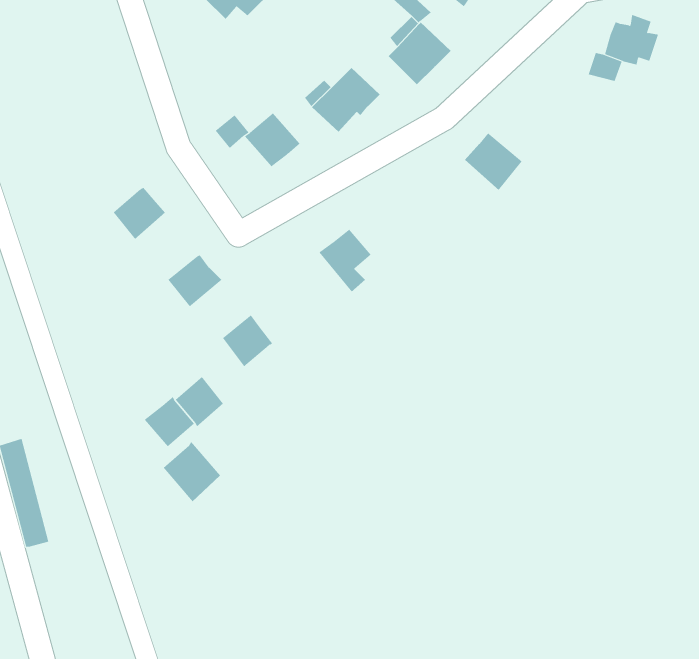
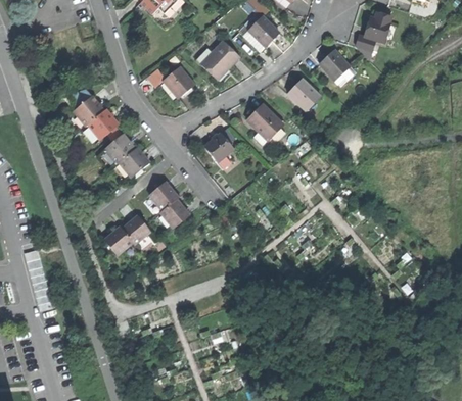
building: none -> [319,48,354,84]
building: none -> [67,88,104,126]
building: none -> [248,104,283,144]
building: none -> [105,134,136,163]
building: none -> [160,198,190,228]
building: [163,441,221,502] -> none

